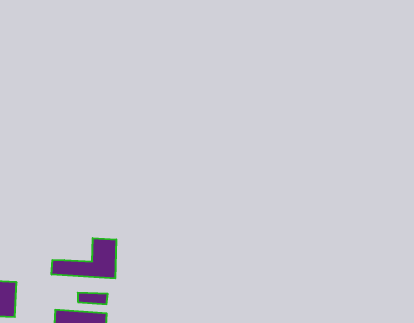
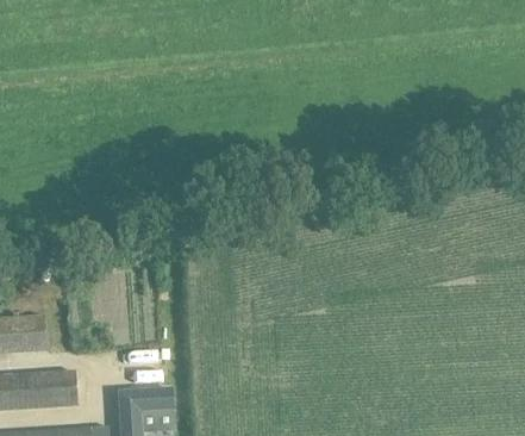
building: [52,238,116,278] -> none

